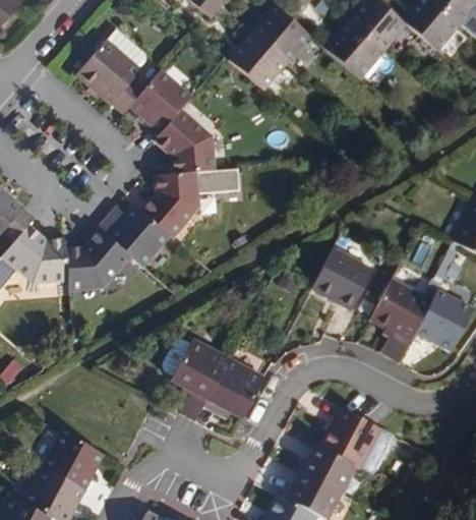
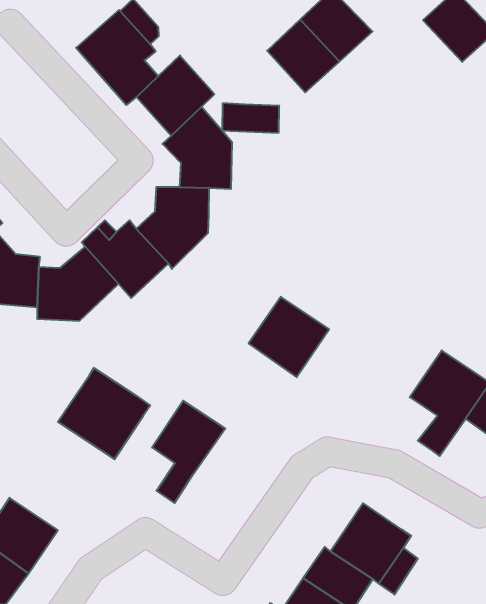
building: [324,21,382,78] -> none
building: [194,169,241,193] -> [222,103,279,133]
building: [312,248,374,310] -> [249,297,329,377]
building: none -> [58,368,150,459]
building: [206,360,263,418] -> none

